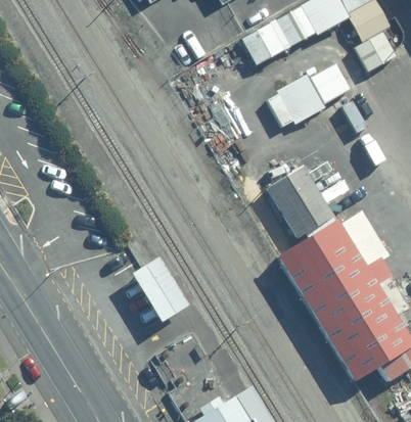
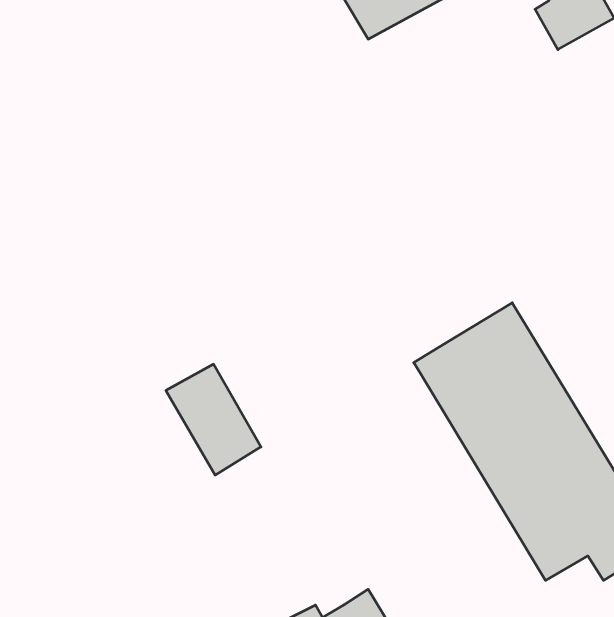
building: [264,63,350,128] -> none
building: [267,169,336,243] -> none

